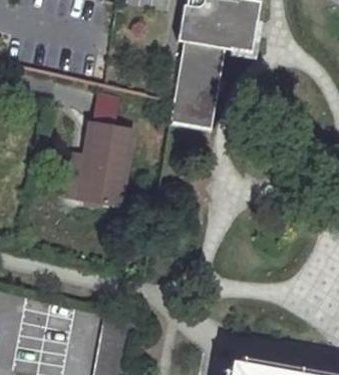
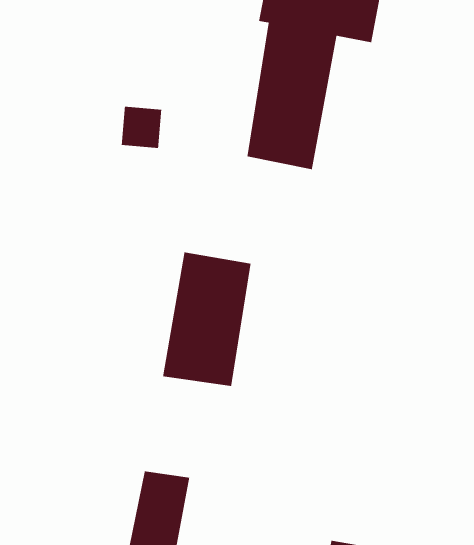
building: [78,123,132,206] -> [162,252,251,387]

